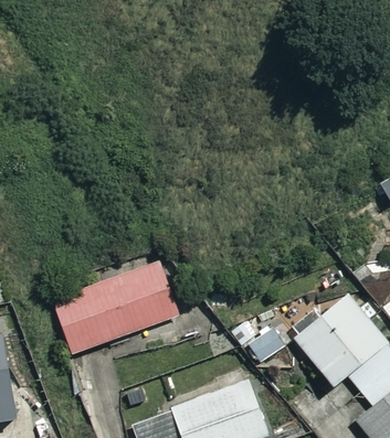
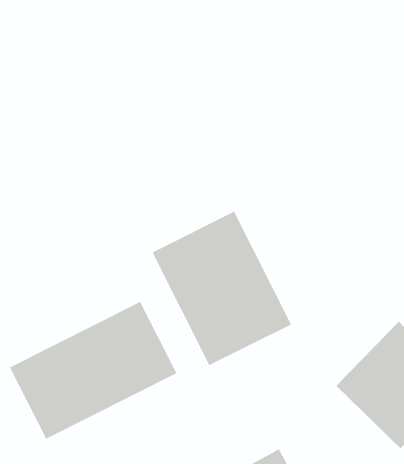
building: none -> [152,211,292,366]

